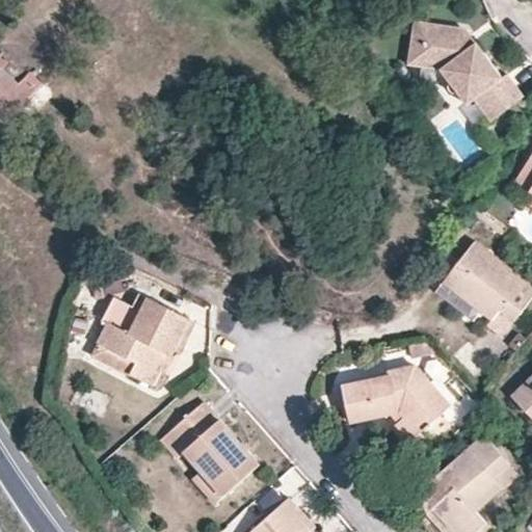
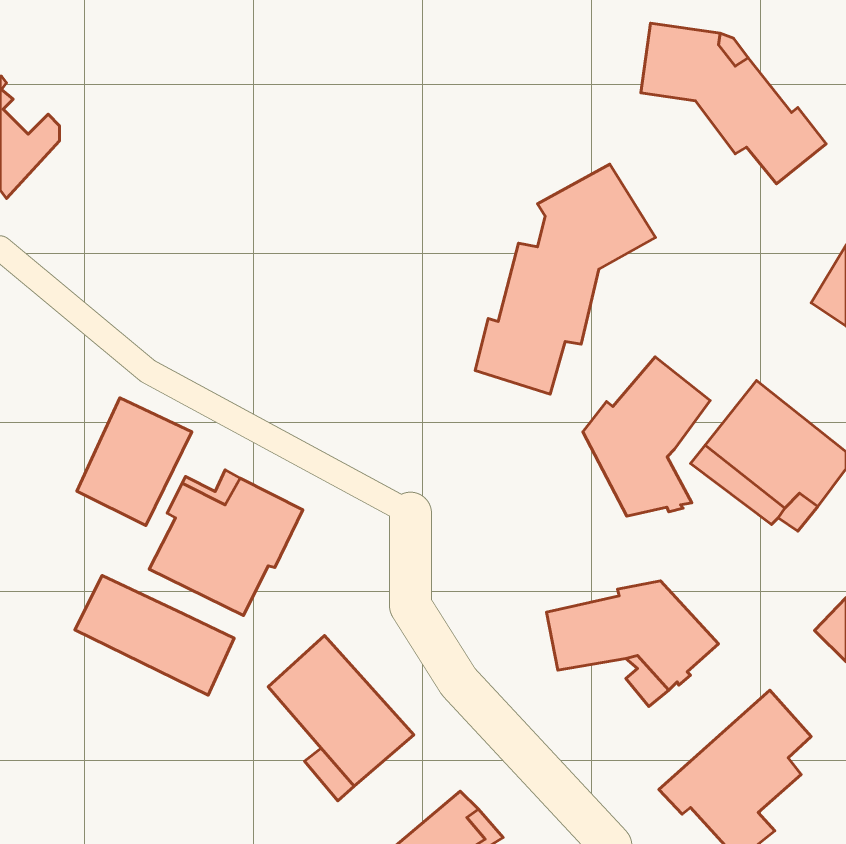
building: none -> [475,164,656,394]
building: none -> [583,357,710,516]
building: none -> [77,398,192,526]
building: none -> [75,575,234,695]

